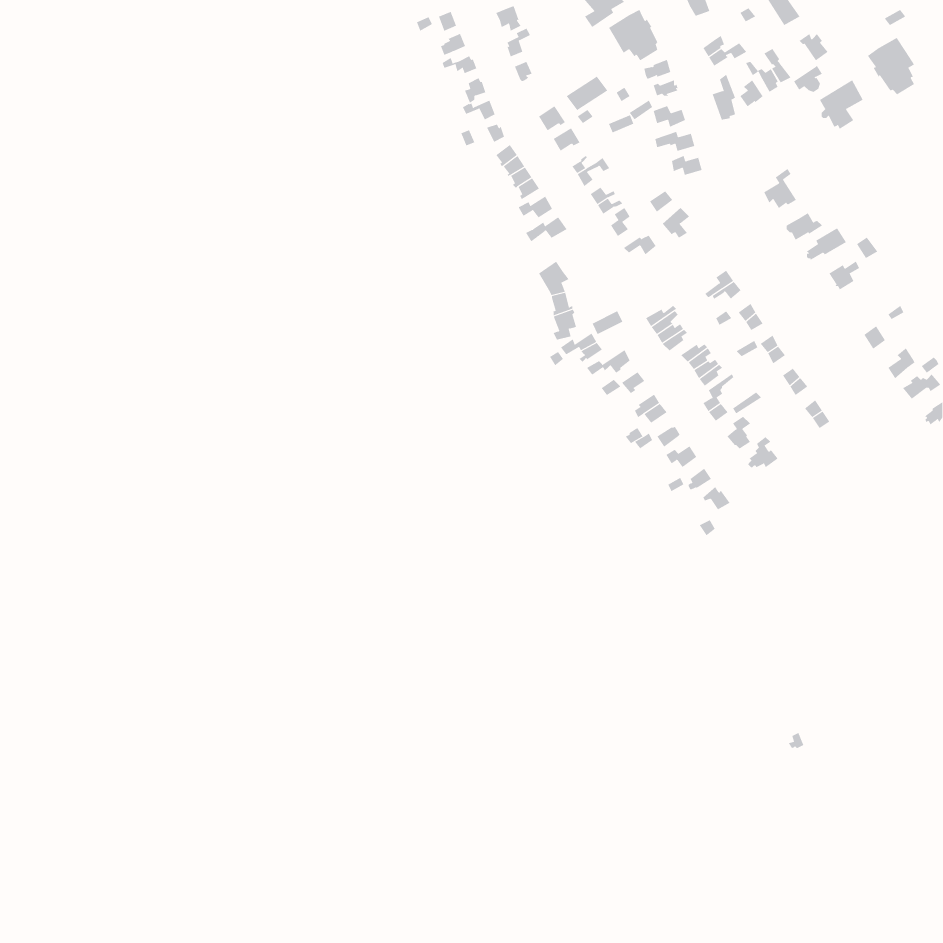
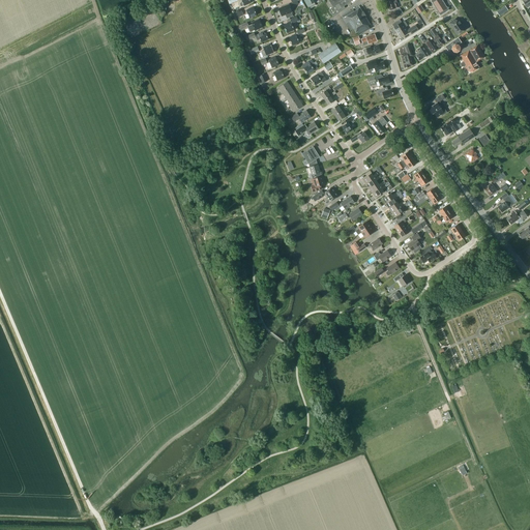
building: [867,37,915,95] -> none

